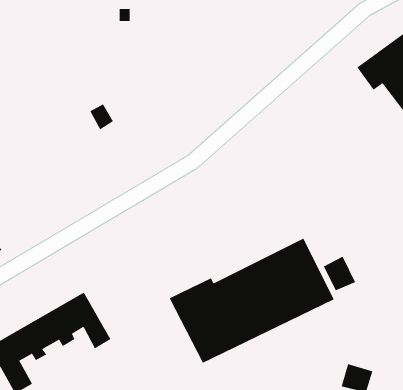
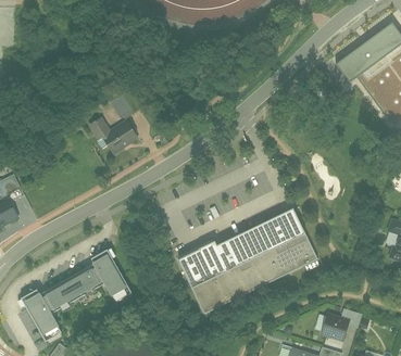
building: none -> [88,116,139,154]
building: [323,256,356,291] -> none

